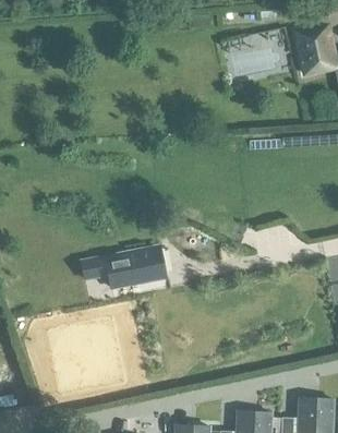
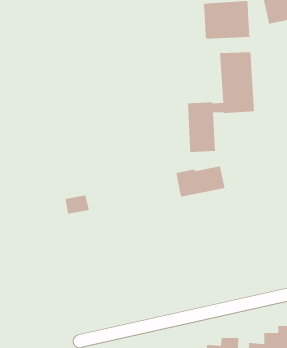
building: none -> [187,52,255,153]
building: [111,251,166,286] -> [175,165,226,198]

